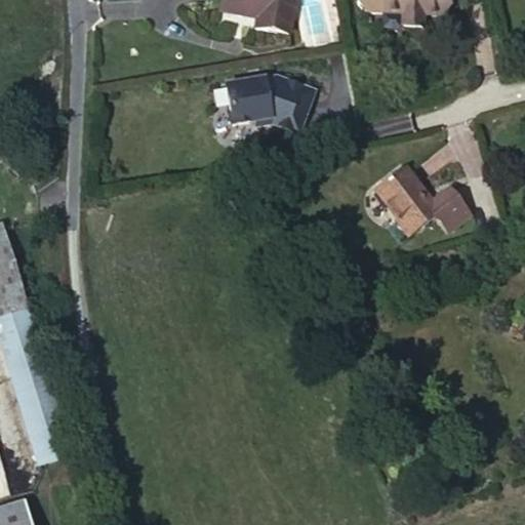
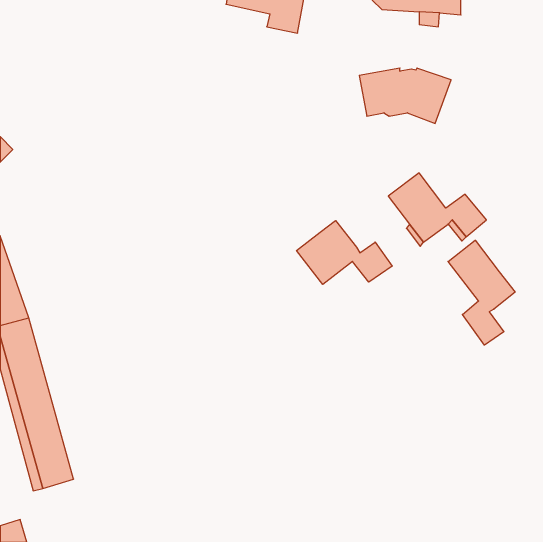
building: [227,75,315,128] -> [359,68,451,123]
building: none -> [297,221,392,284]
building: none -> [448,240,515,345]

